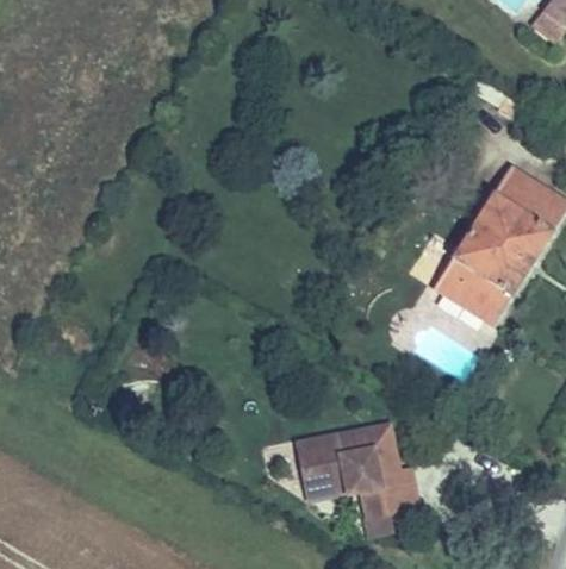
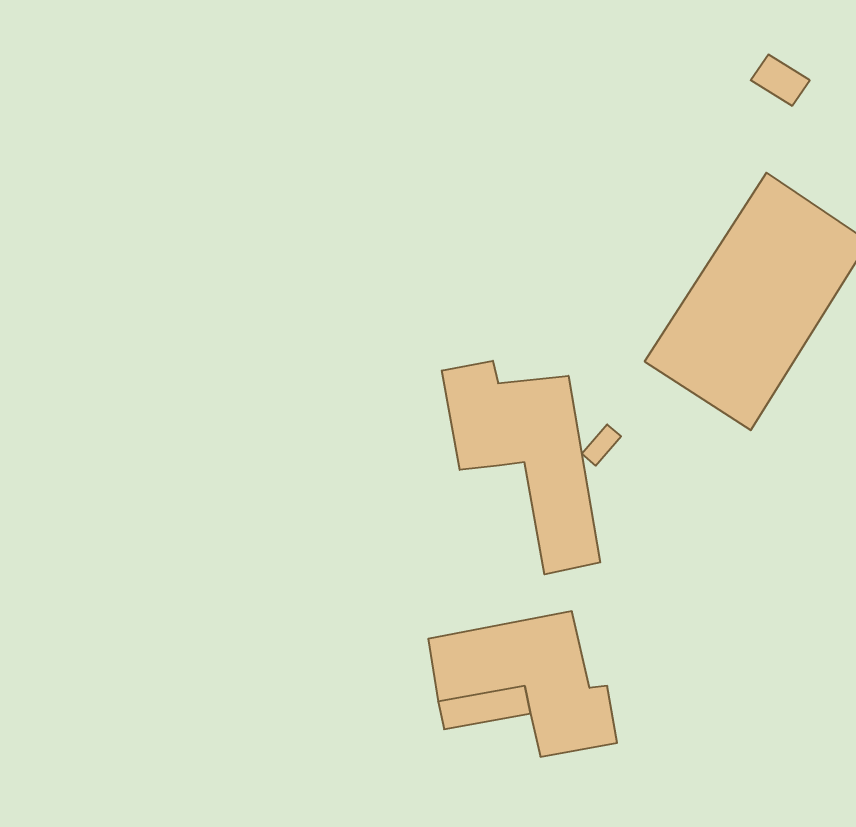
building: none -> [442,361,600,574]

